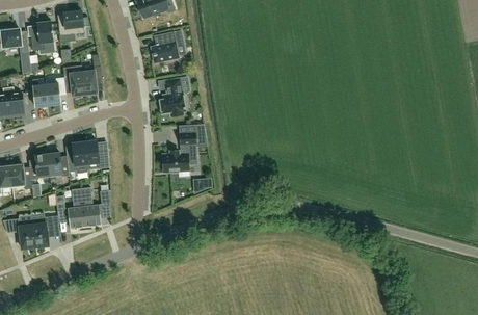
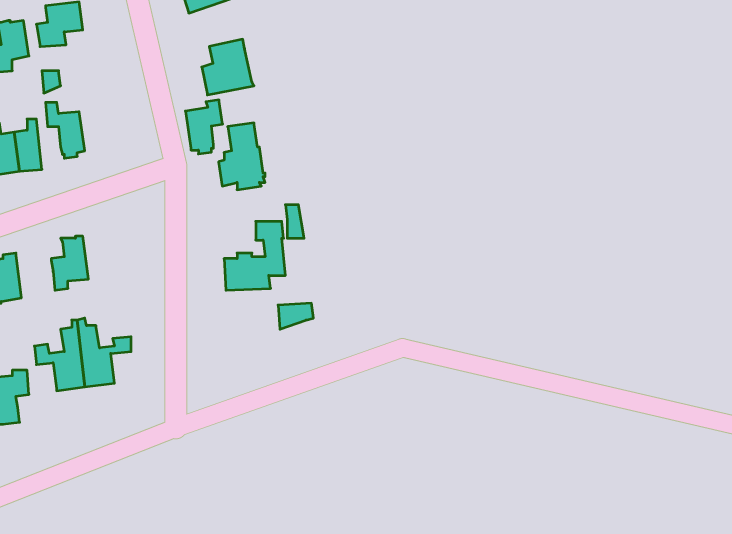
building: [82,65,103,96] -> [185,100,223,154]
building: [84,140,109,172] -> none
building: [47,150,70,176] -> none

